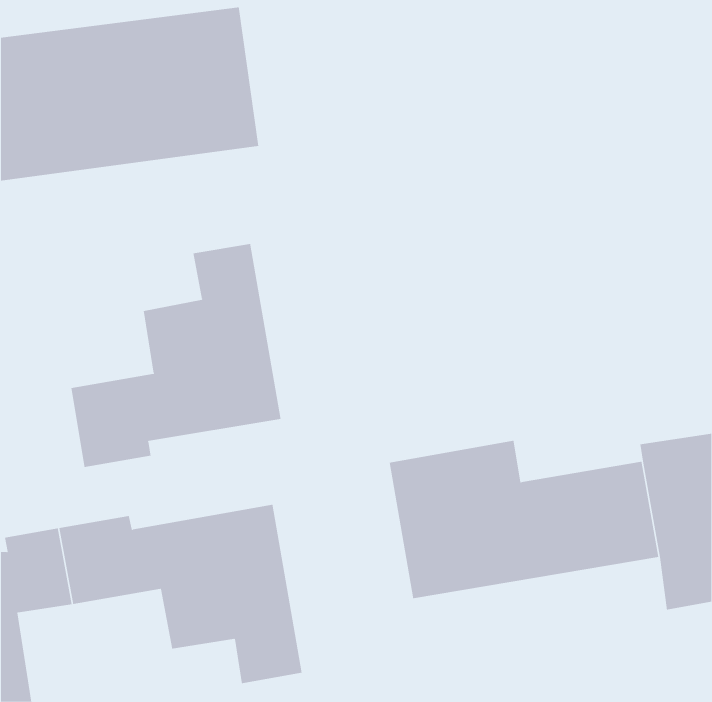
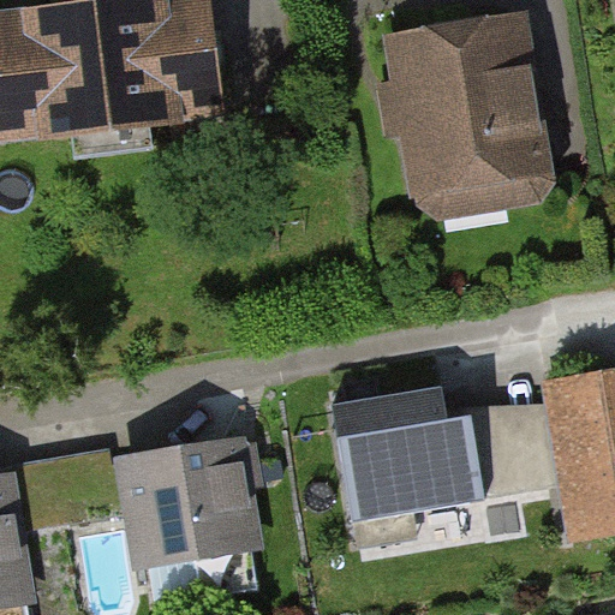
building: none -> [383,17,543,213]
building: [71,243,281,468] -> none

